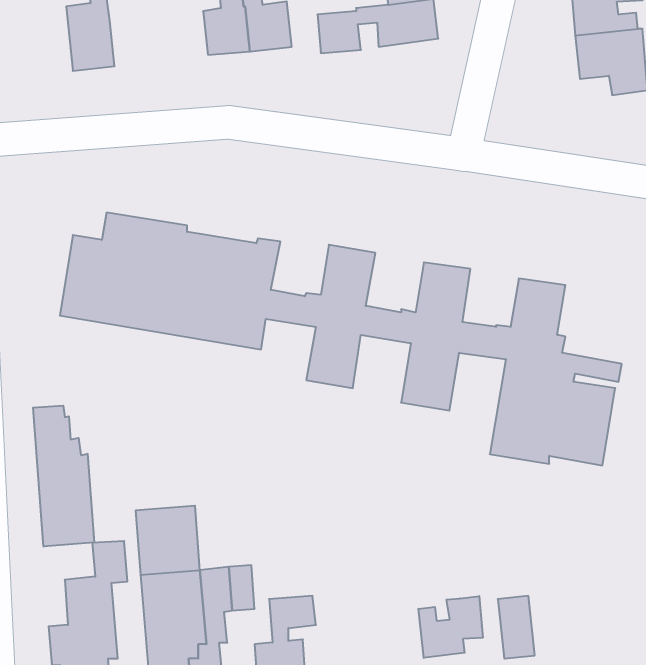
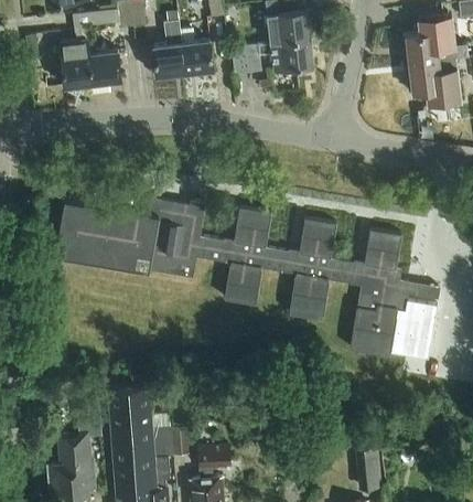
building: none -> [89,51,121,92]
building: [33,406,94,547] -> none
building: [418,596,483,658] -> none

